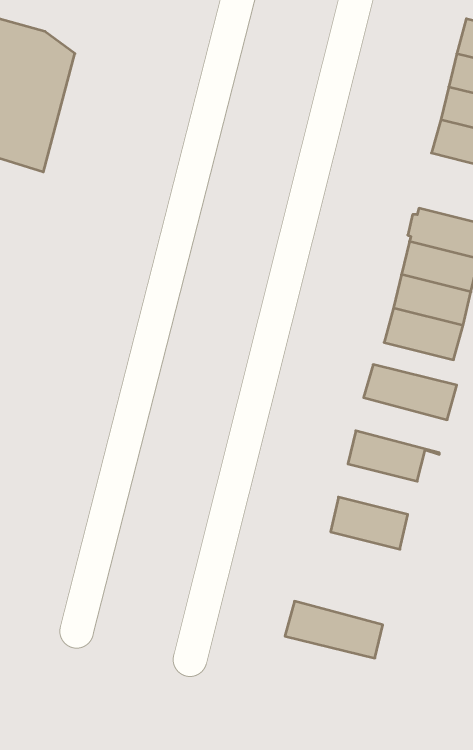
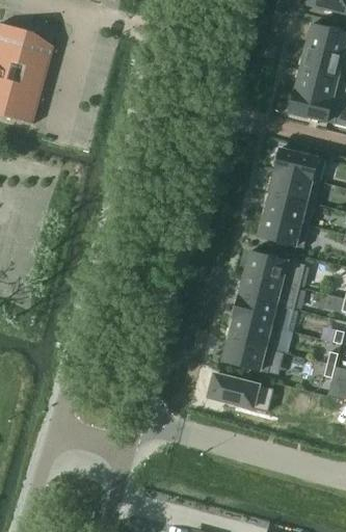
building: none -> [239,272,299,309]
building: none -> [228,316,280,349]
building: [285,601,383,658] -> [209,373,273,410]

